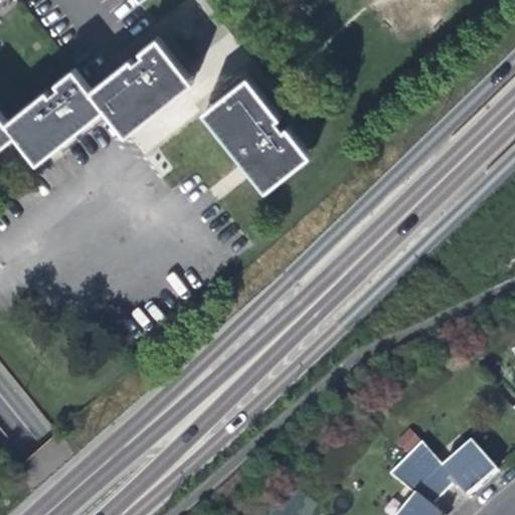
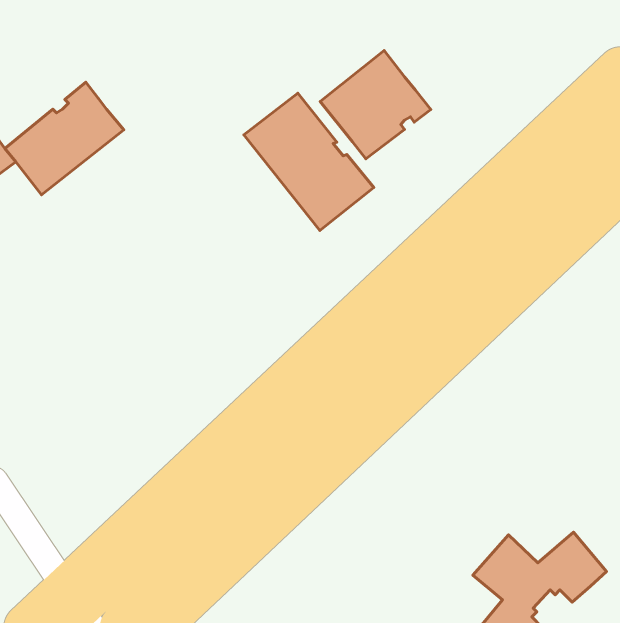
building: [88,39,190,138] -> none
building: none -> [320,51,431,159]

